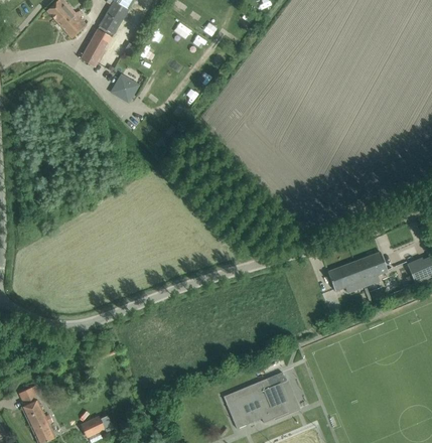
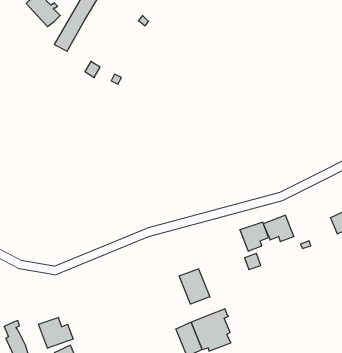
building: [353,252,388,286] -> [240,222,269,251]
building: none -> [179,269,210,304]
building: none -> [39,317,73,348]

